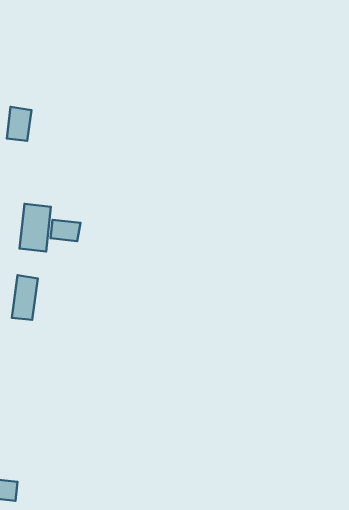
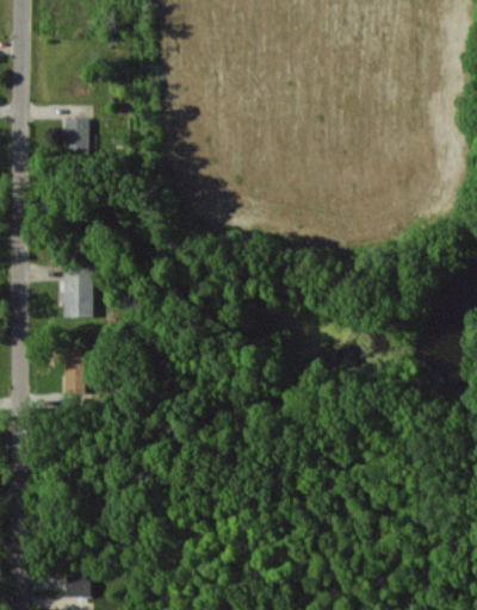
building: [7,107,31,141] -> [64,117,88,152]
building: [50,220,81,241] -> none

